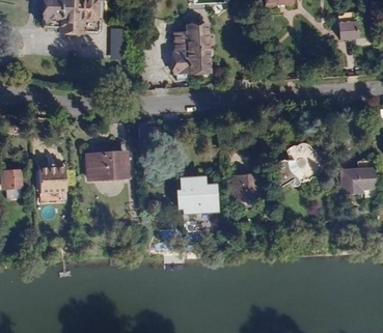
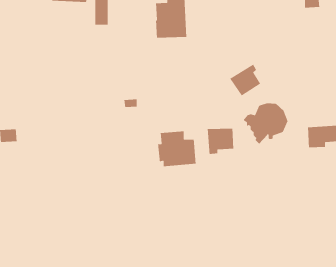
building: none -> [229,63,261,96]
building: [85,149,132,182] -> none
building: [39,168,66,193] -> none

